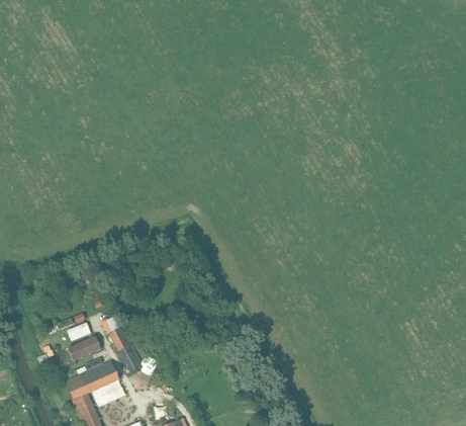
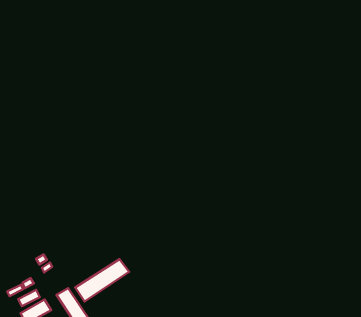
building: none -> [75,259,129,301]

